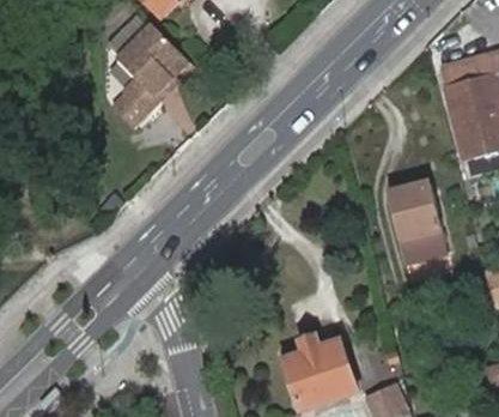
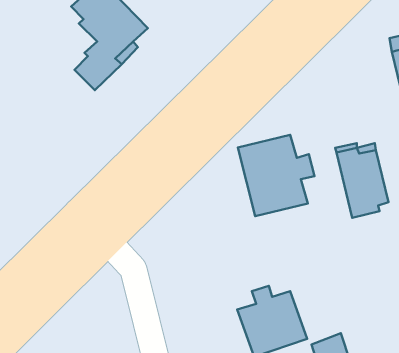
building: none -> [238,135,314,216]

